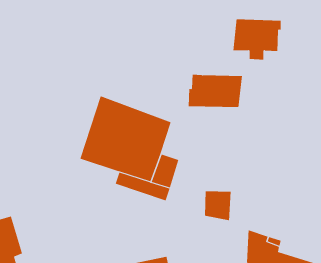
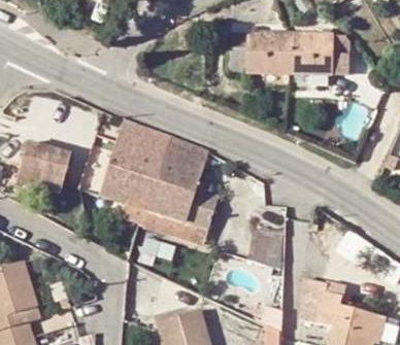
building: [188,74,243,108] -> [224,26,290,66]
building: none -> [19,144,72,196]

